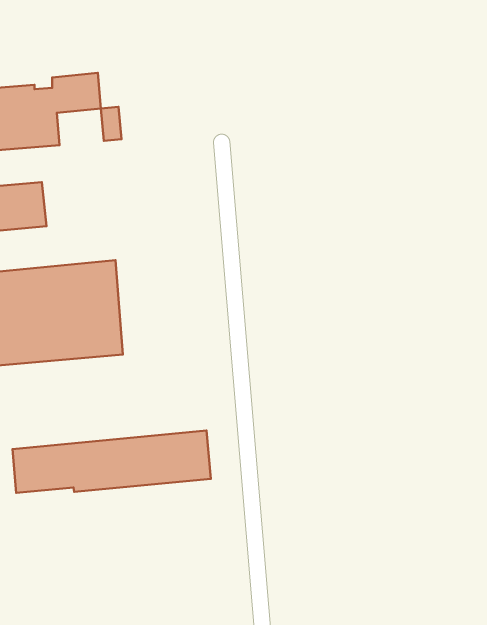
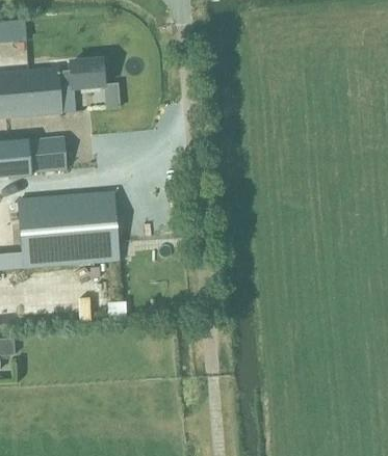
building: [13,431,211,493] -> none

